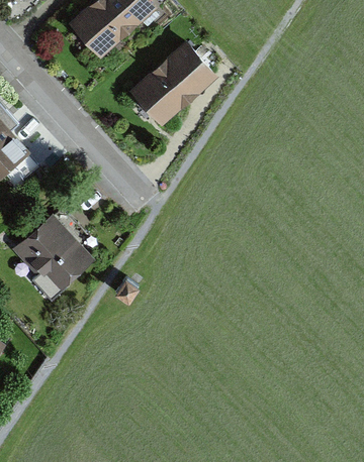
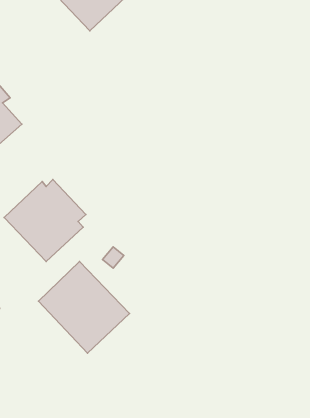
building: [128,40,216,125] -> none
building: none -> [39,262,130,353]

